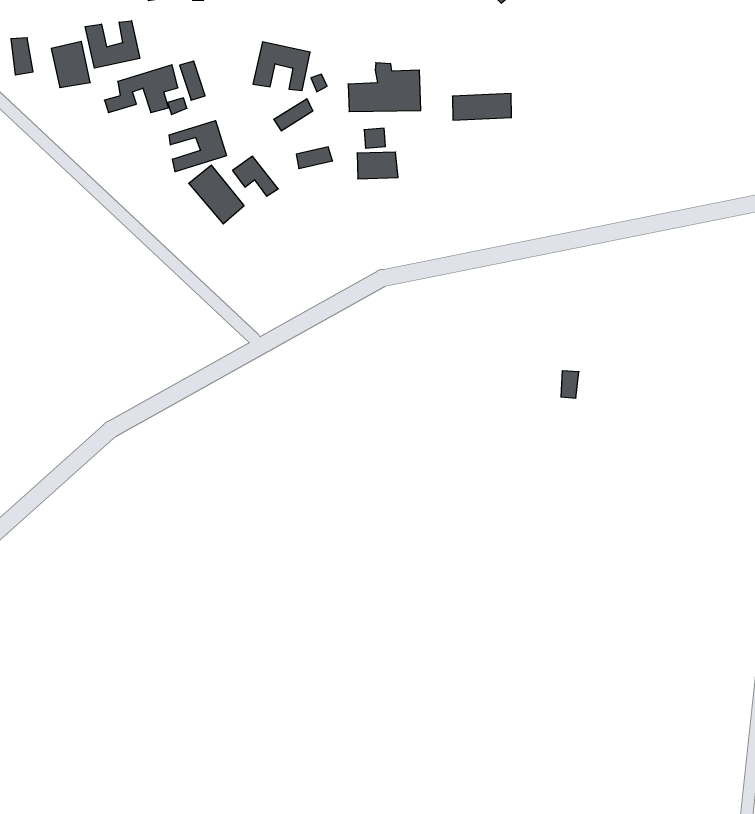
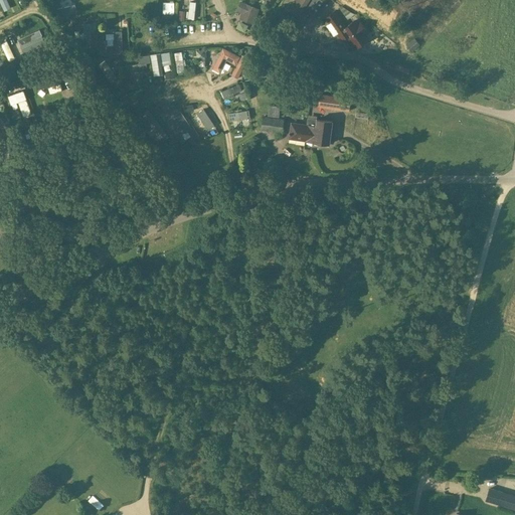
building: [85,21,140,68] -> none
building: [348,63,421,112] -> [289,115,331,145]
building: [169,121,226,172] -> none

